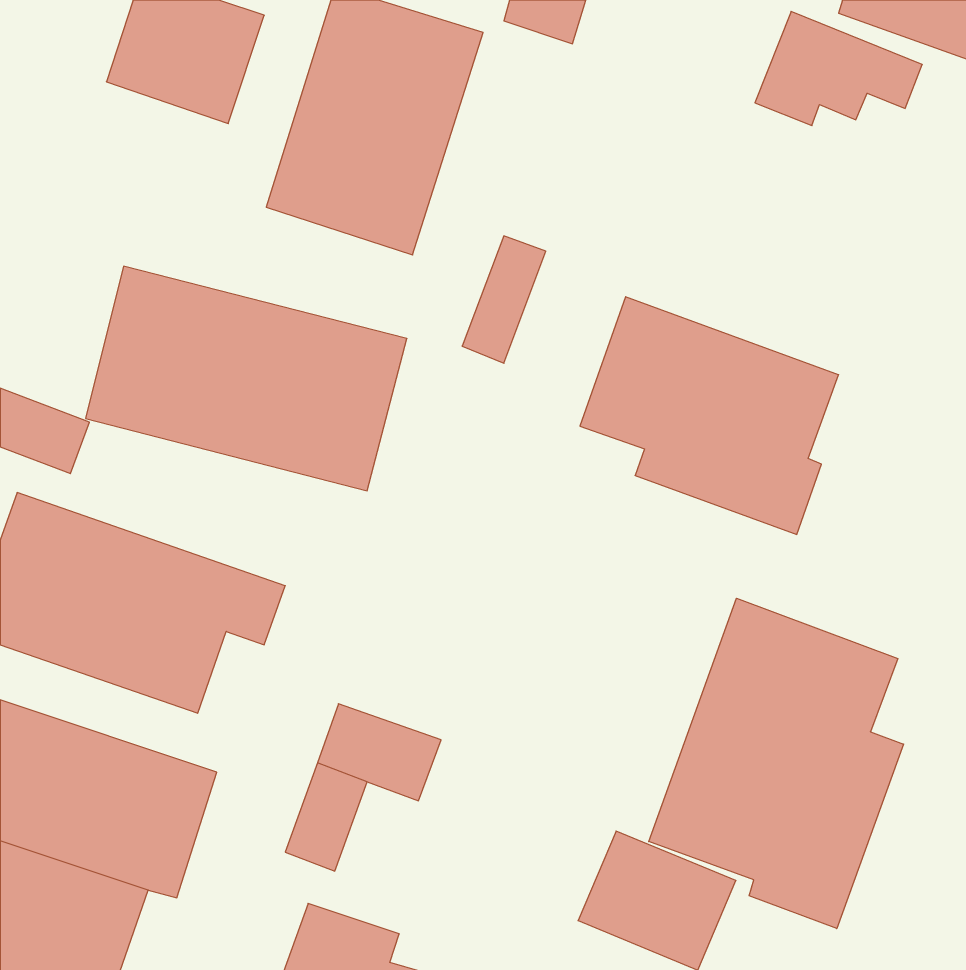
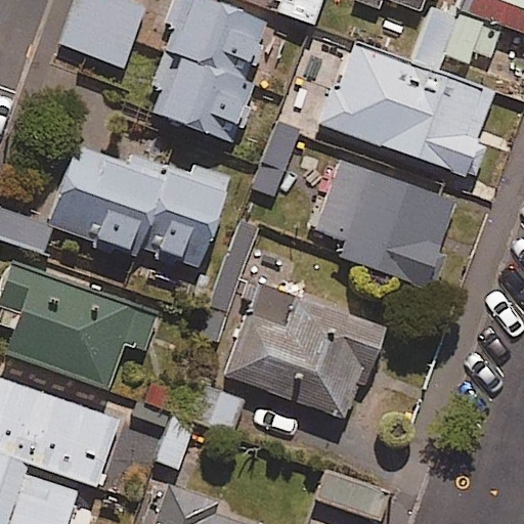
building: none -> [326,49,491,177]
building: none -> [223,282,384,420]
building: [649,598,904,929] -> none

